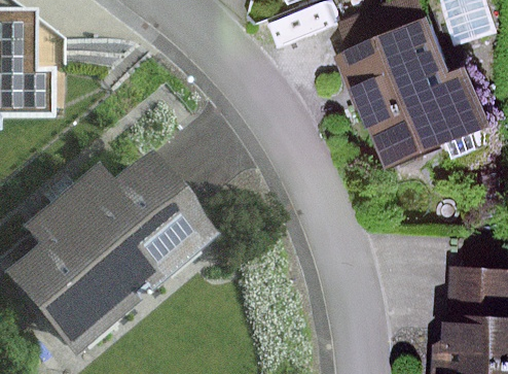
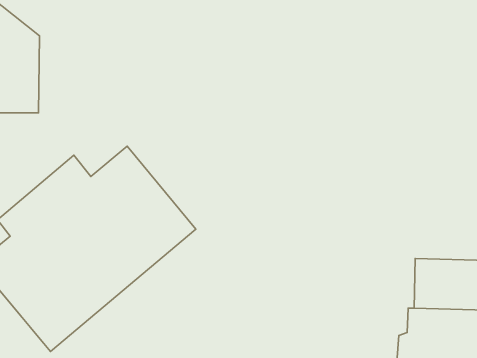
building: [335,14,483,175] -> none

